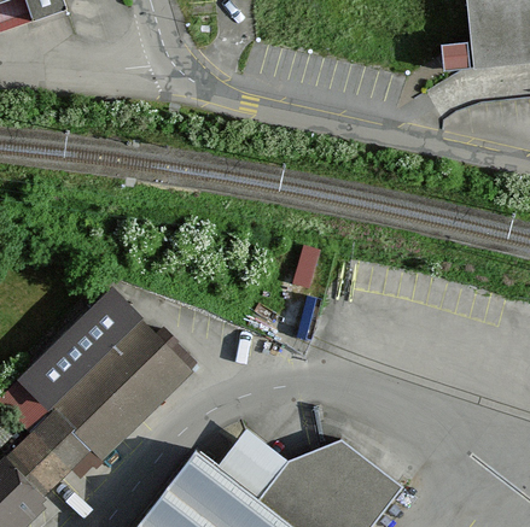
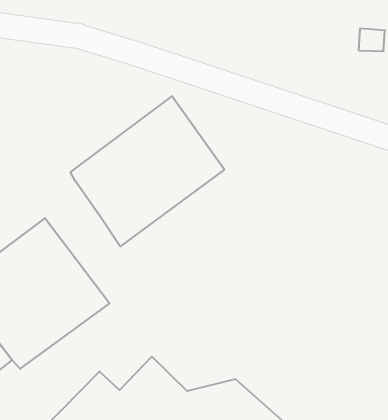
building: none -> [70,96,224,247]

